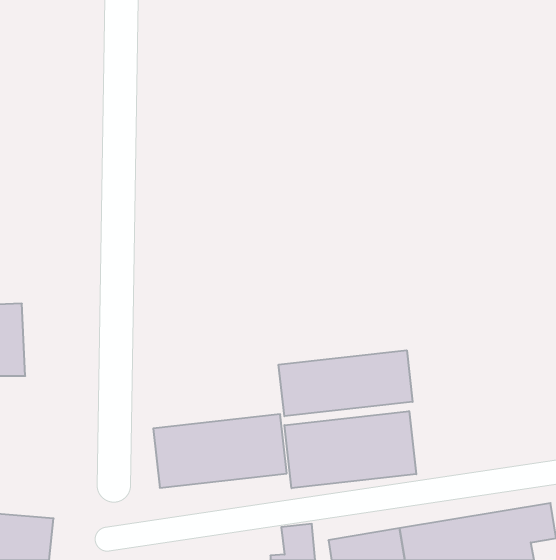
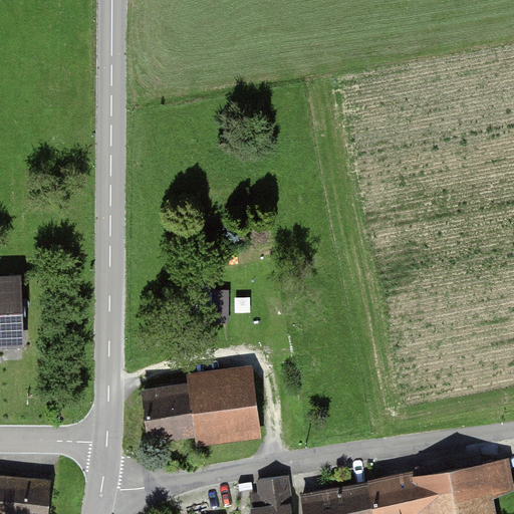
building: [279,350,413,416] -> none
building: [284,411,416,488] -> none

